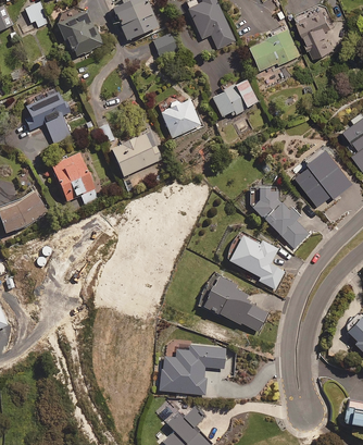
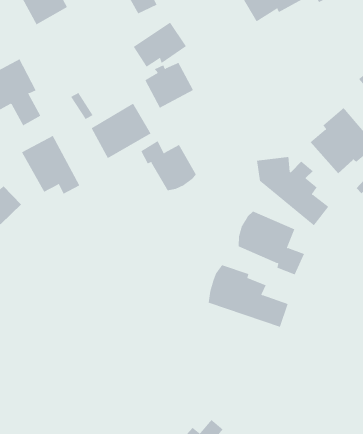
building: [213,79,259,116] -> [133,22,187,68]
building: none -> [140,140,197,191]
building: [155,345,224,395] -> none

